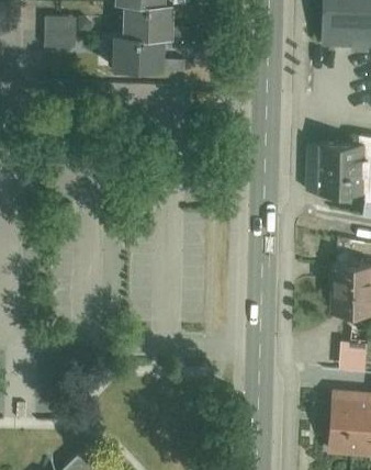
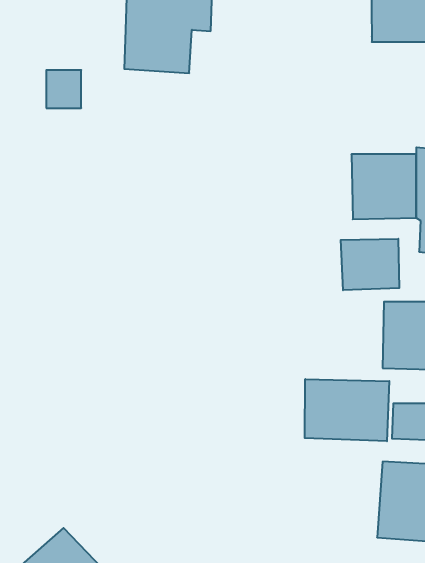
building: [46,19,75,49] -> [46,70,81,108]
building: none -> [341,239,399,290]
building: none -> [305,379,389,441]

